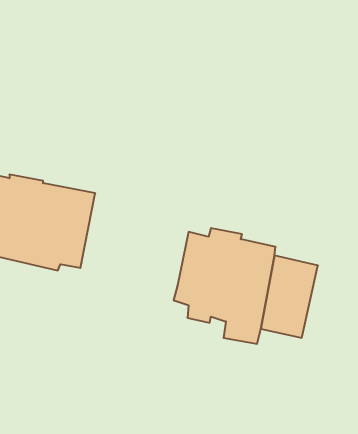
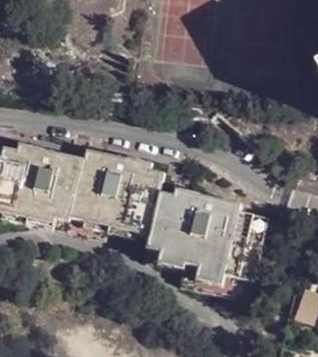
building: none -> [76,148,168,235]

